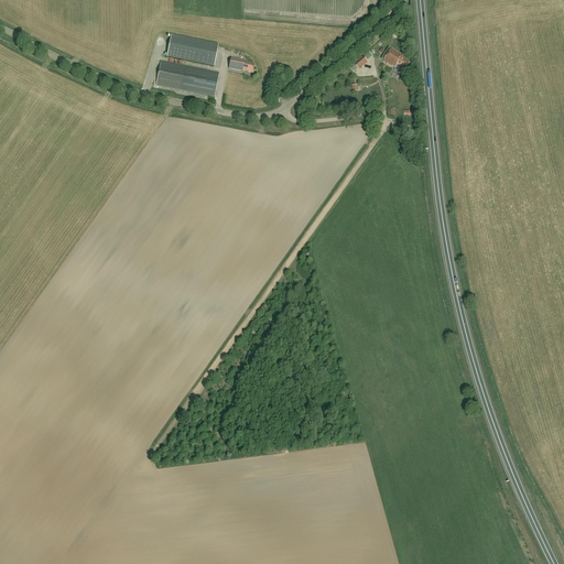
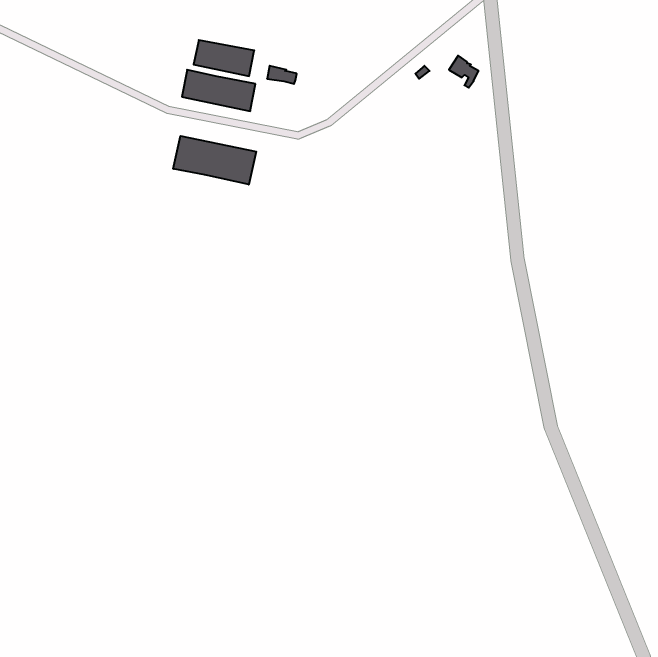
building: none -> [173,136,256,185]

